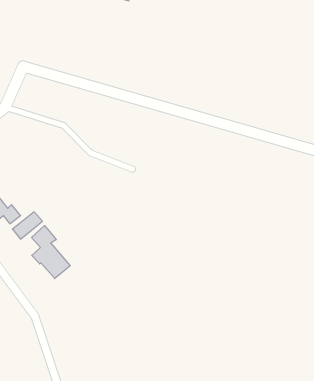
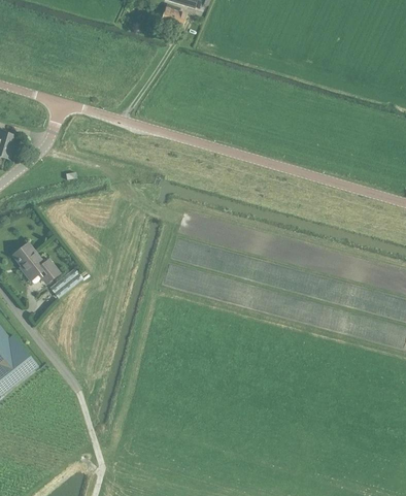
building: [32,226,70,279] -> none

